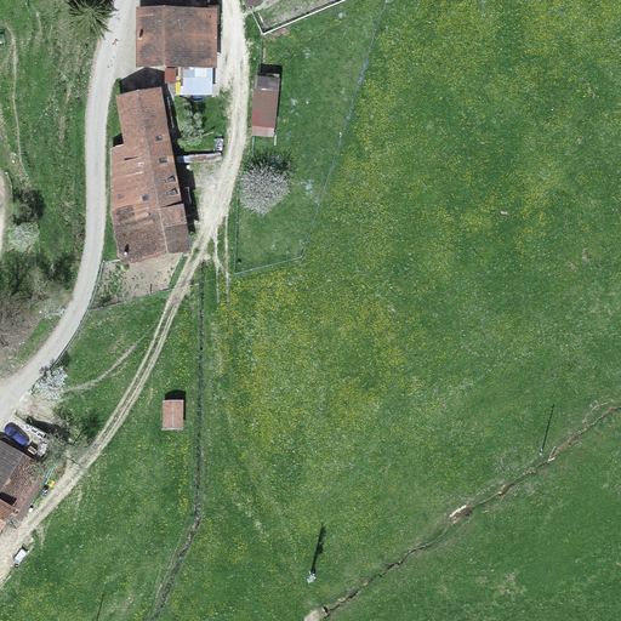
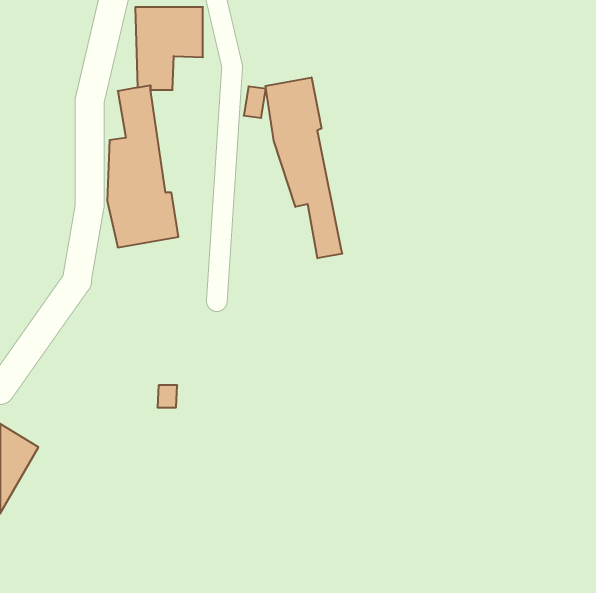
building: none -> [266,77,342,258]

